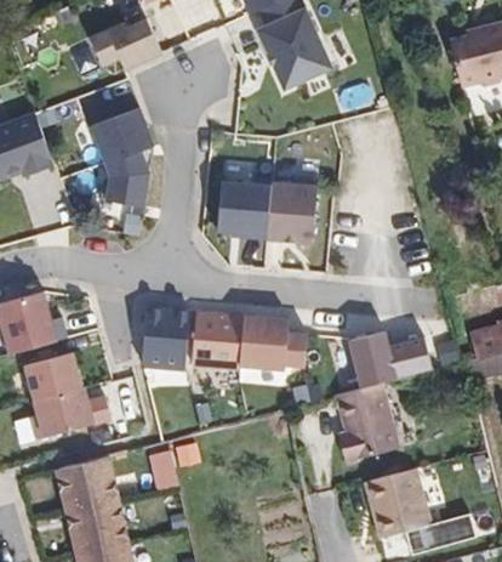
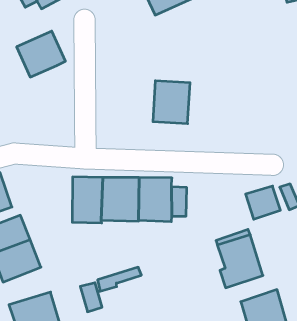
building: [98,148,147,204] -> none
building: [213,171,273,234] -> none
building: [344,329,394,387] -> none

